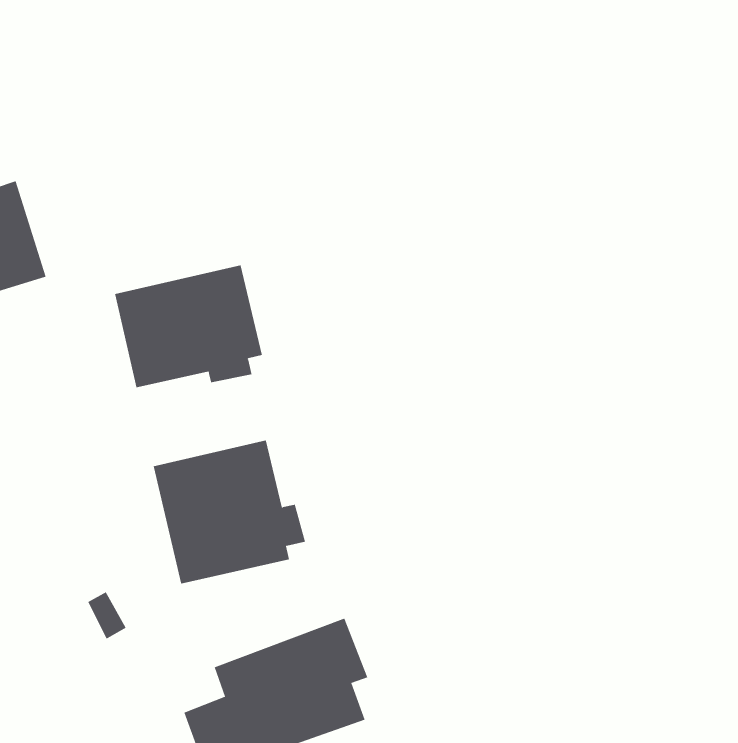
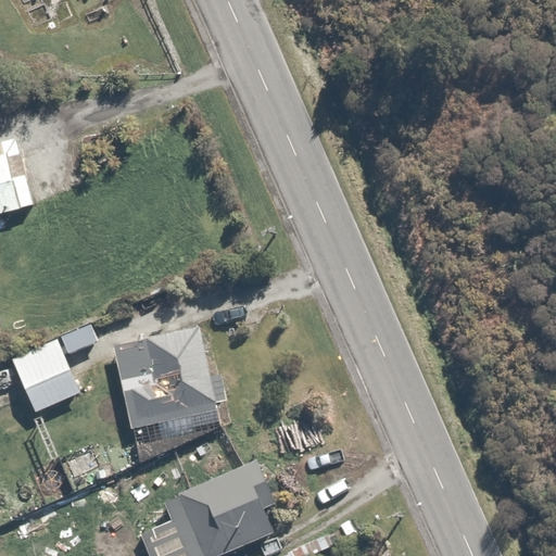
building: [114,264,262,388] -> none
building: none -> [10,339,79,414]

